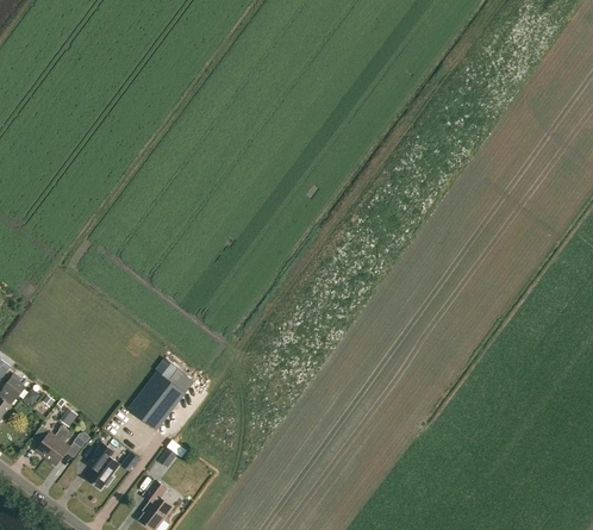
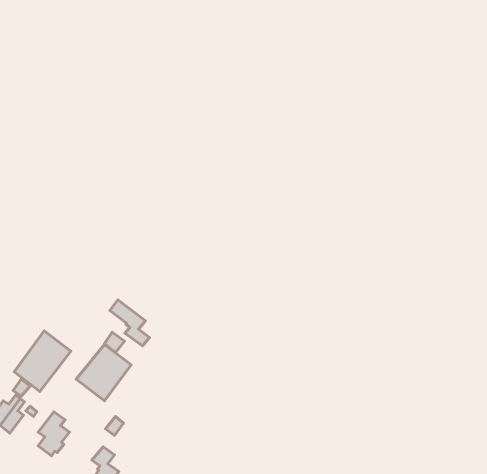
building: none -> [110,300,150,346]
building: none -> [14,331,71,392]

